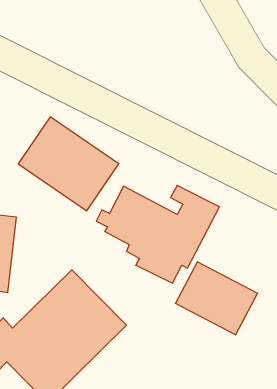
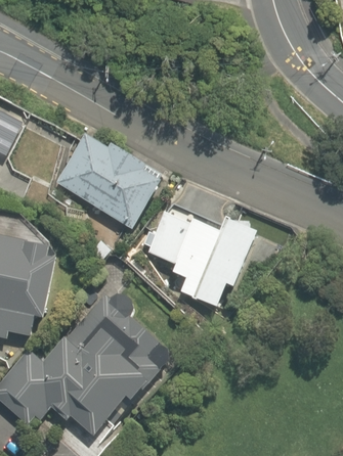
building: [175,262,258,335] -> none

